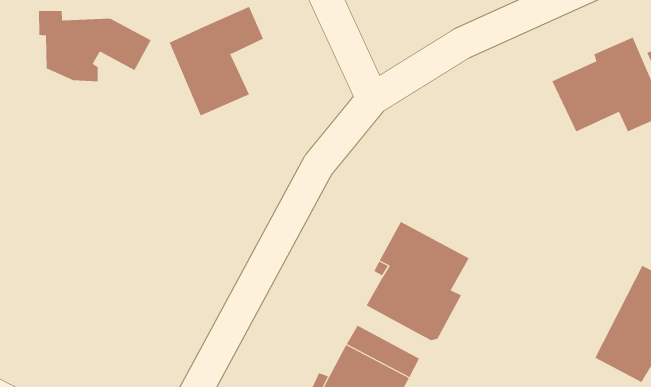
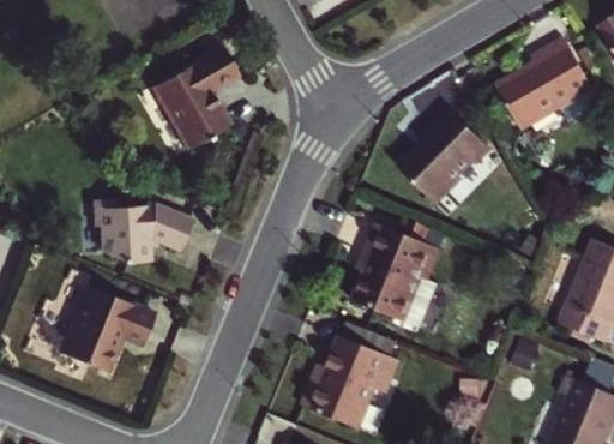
building: [38,10,151,82] -> [90,199,193,260]
building: none -> [398,107,492,204]
building: none -> [60,286,155,371]

